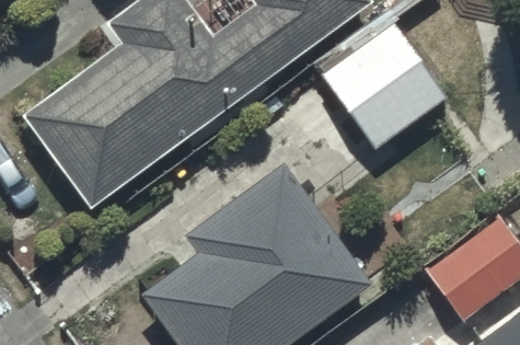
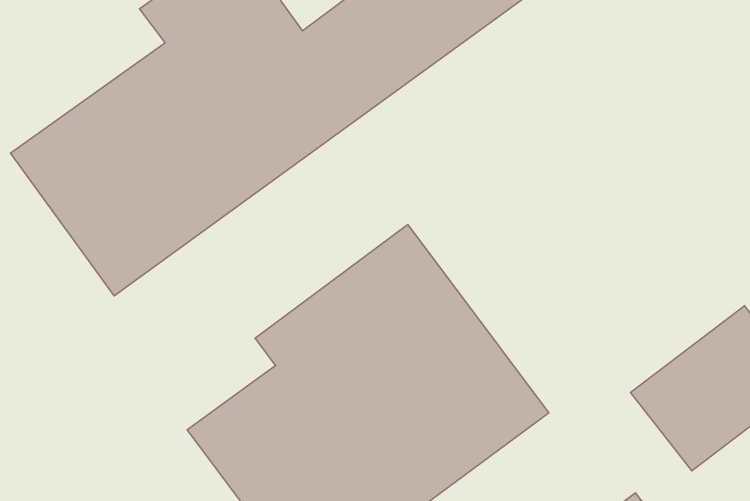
building: [323,25,448,149] -> none

